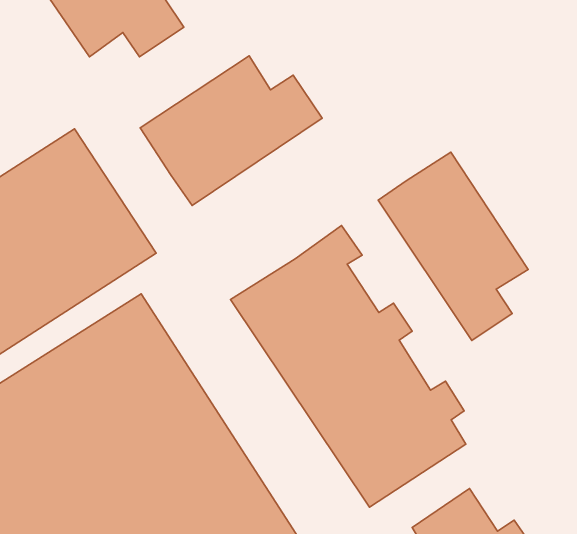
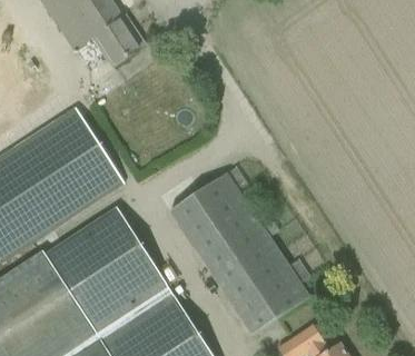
building: [140,56,322,205] -> none
building: [378,152,528,341] -> none

